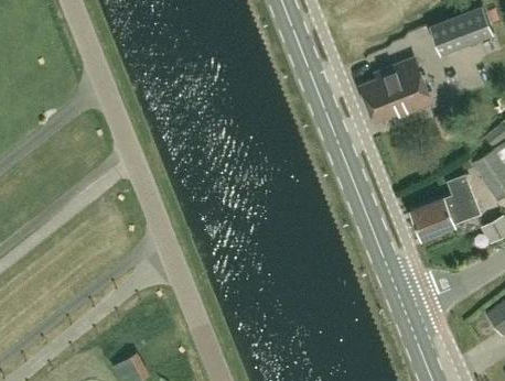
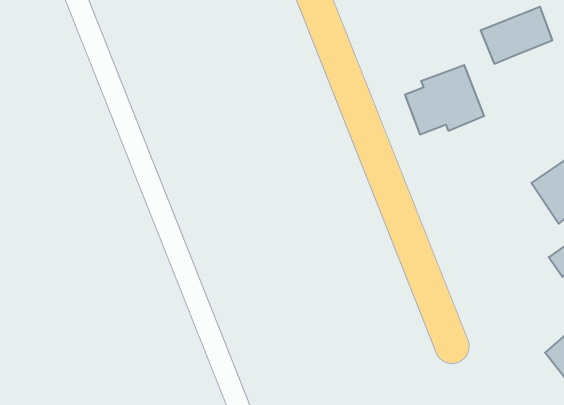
building: [411,175,484,239] -> none

